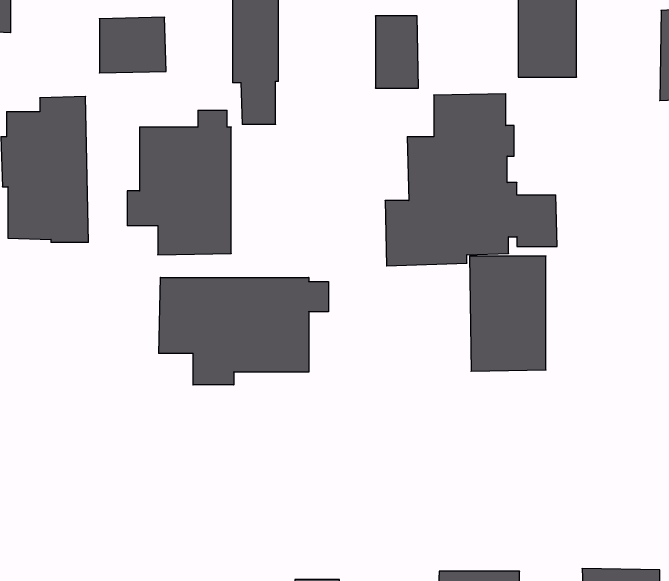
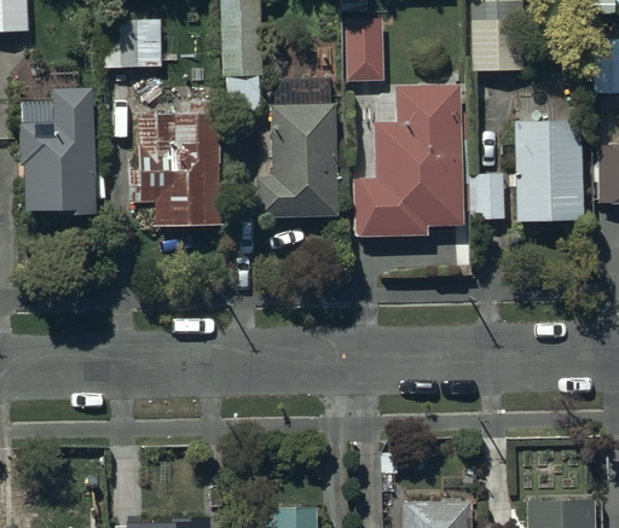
building: none -> [255,79,336,217]
building: [470,256,546,371] -> [514,122,580,222]
building: [159,277,328,385] -> none

